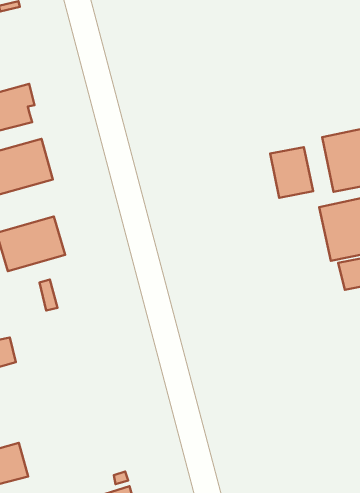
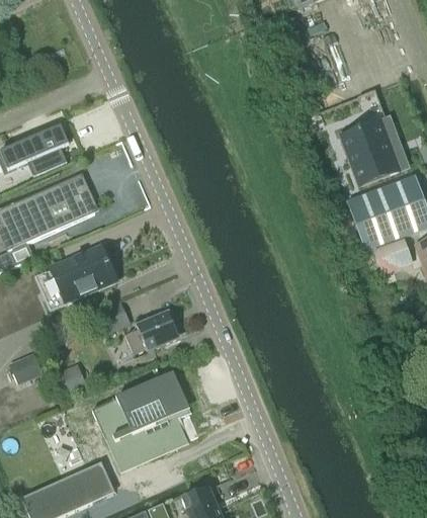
building: [270,147,313,198] -> none
building: none -> [125,311,178,354]
building: none -> [91,370,200,458]

